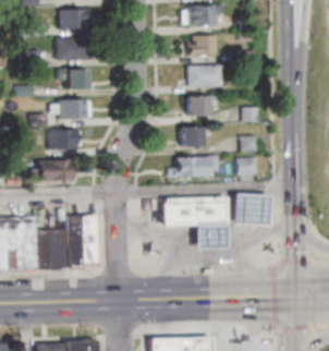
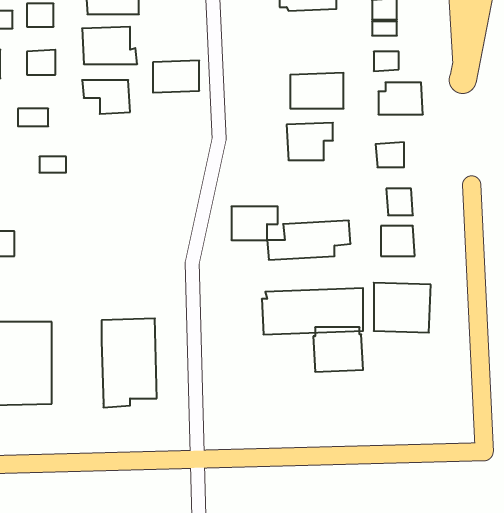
building: [183,35,210,55] -> [378,82,423,114]
building: [57,100,85,120] -> [153,61,199,93]
building: [184,125,212,146] -> [231,206,278,240]
building: [56,132,87,152] -> none
building: [45,160,80,181] -> none
building: [37,229,69,267] -> none

